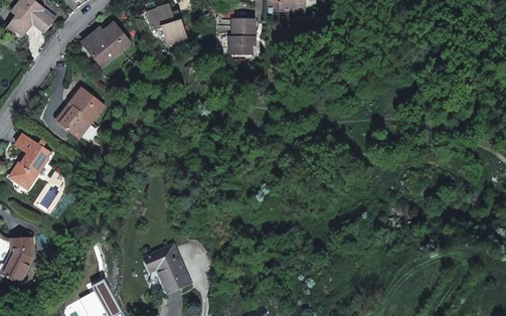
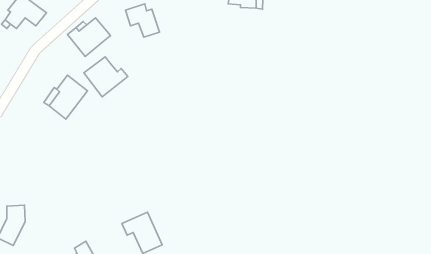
building: [229,20,256,55] -> none
building: none -> [84,57,128,97]
building: [11,134,50,186] -> none

